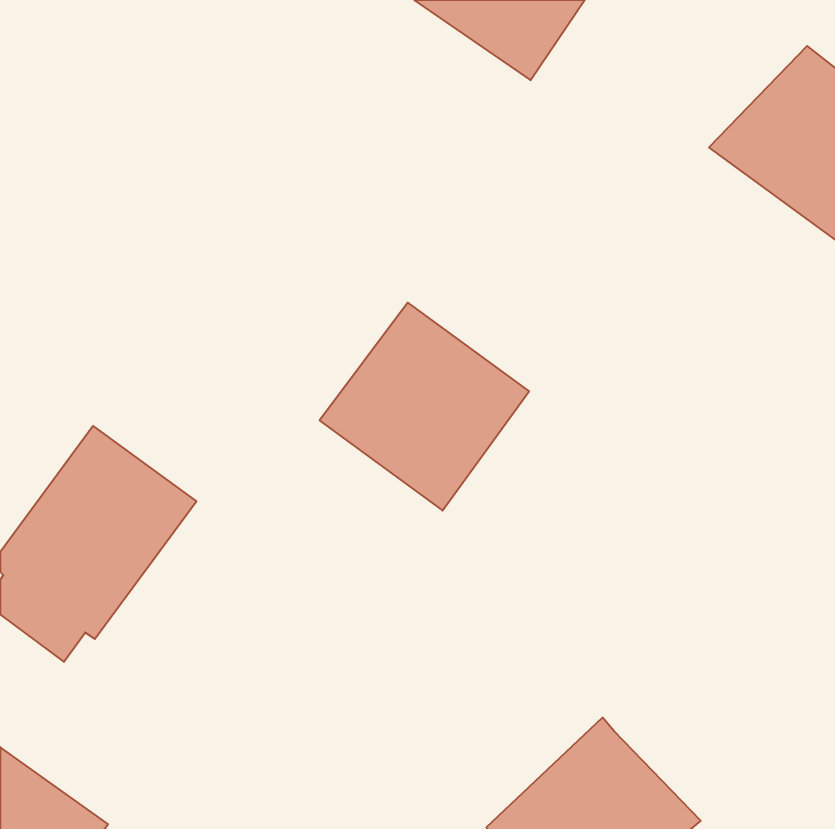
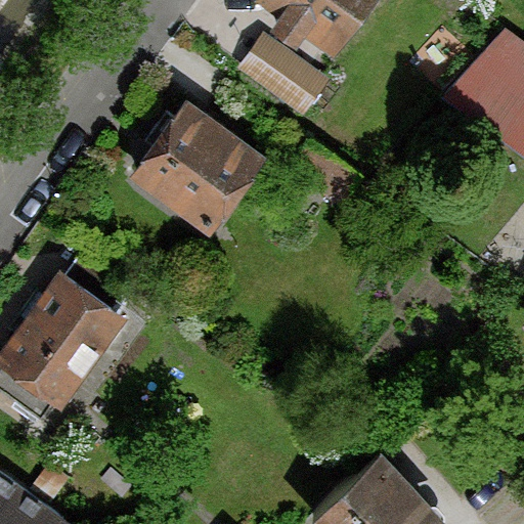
building: none -> [239,35,328,117]
building: [320,303,529,511] -> [133,101,264,231]

